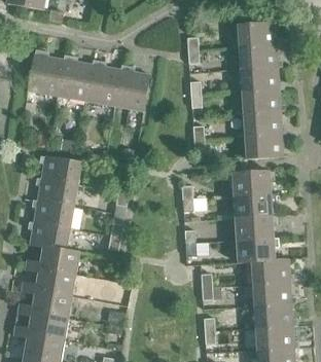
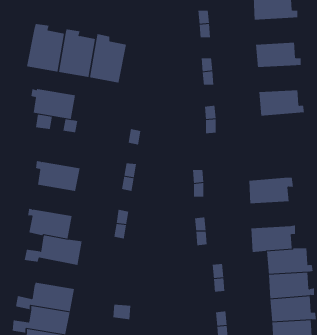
building: [239,44,282,69] -> none
building: [113,64,149,110] -> none
building: [242,88,284,113] -> none
building: [245,133,287,158] -> none
building: [39,155,81,184] -> [31,89,76,120]
building: [231,170,274,195] -> none
building: [31,200,73,228] -> none
building: [235,215,277,240] -> none
building: [21,267,75,296] -> none

